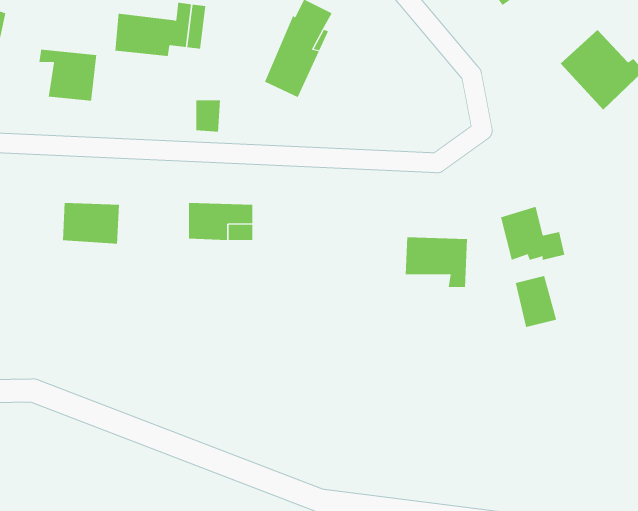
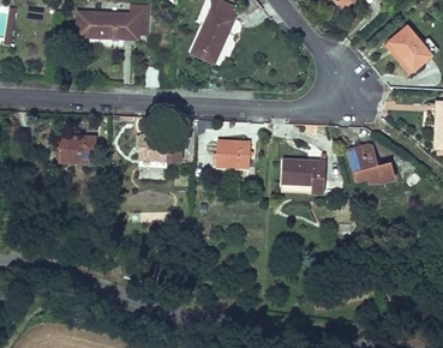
building: [39,49,97,101] -> none
building: none -> [214,142,253,167]
building: [515,275,557,328] -> none

